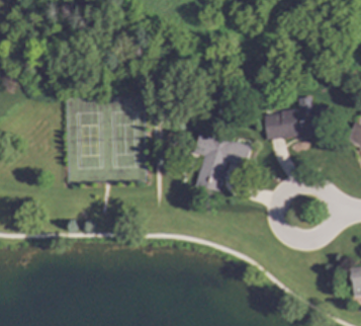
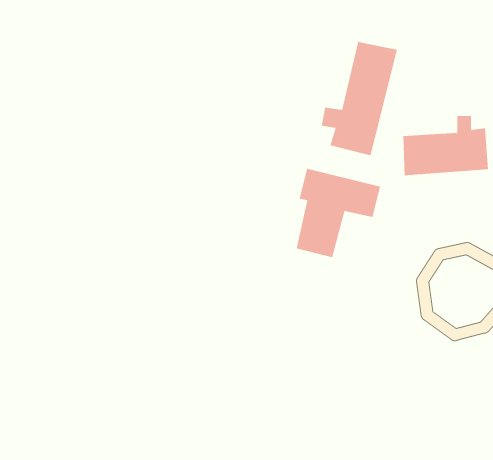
building: none -> [321,41,397,156]

